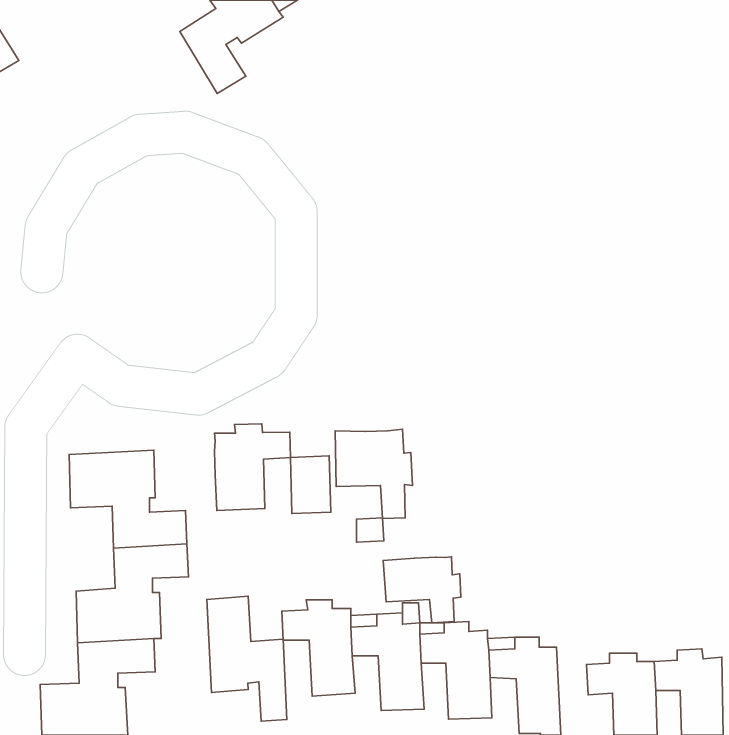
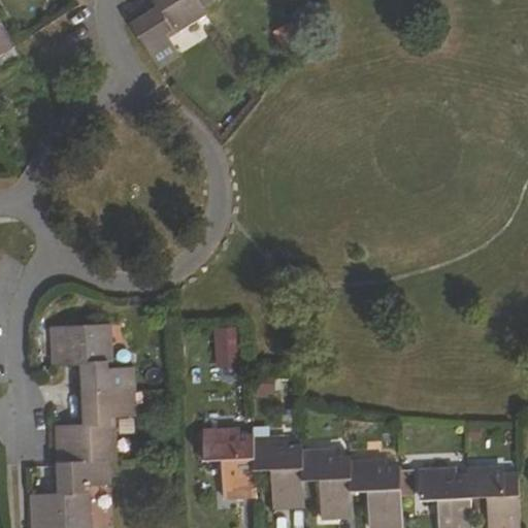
building: [215,424,290,511] -> none
building: [335,429,413,519] -> none
building: [383,557,461,623] -> none
building: [207,596,287,721] -> none

